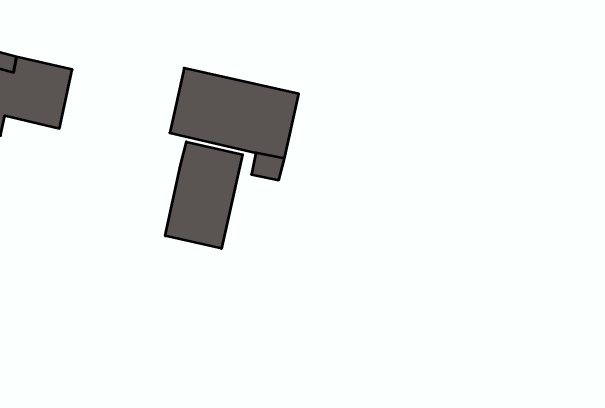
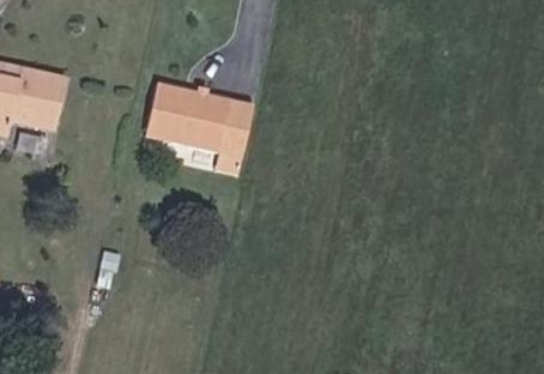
building: [165,142,243,249] -> none

